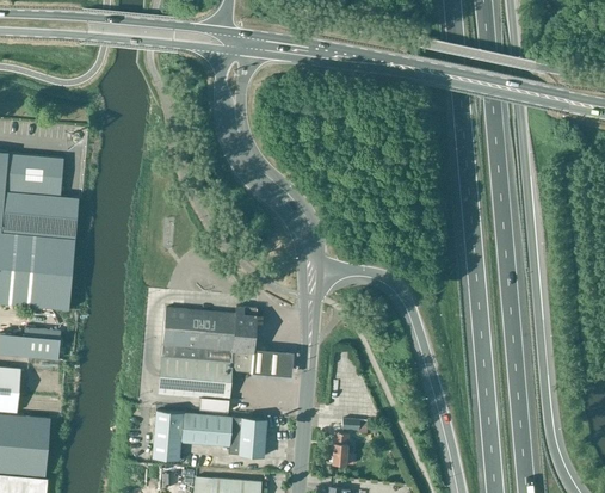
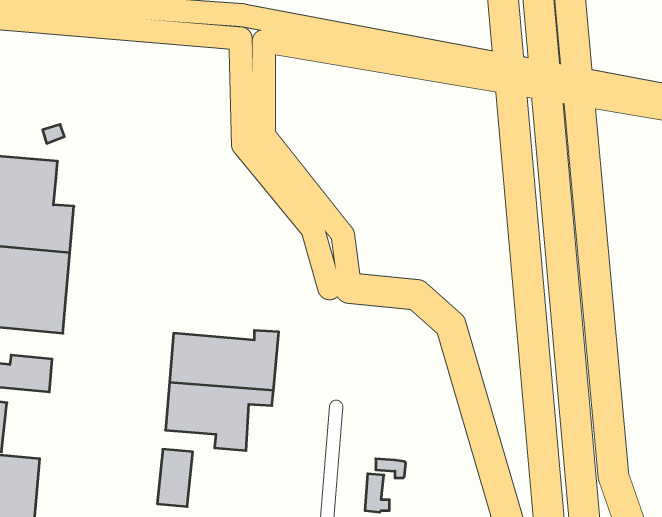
building: [249,345,291,372] -> none
building: [180,413,265,456] -> none

